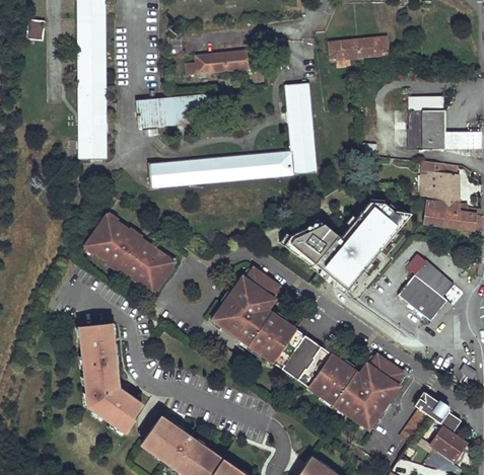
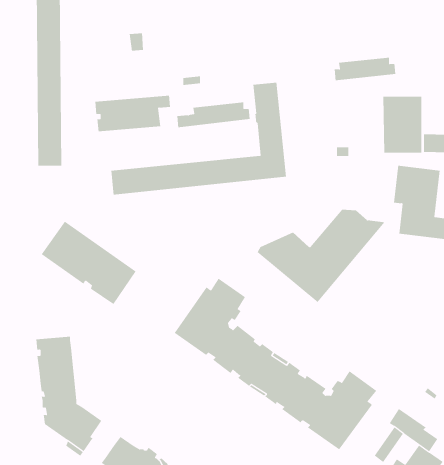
building: [329,37,388,60] -> [334,57,396,81]
building: [186,51,256,75] -> [176,102,251,128]
building: [396,261,451,321] -> none

